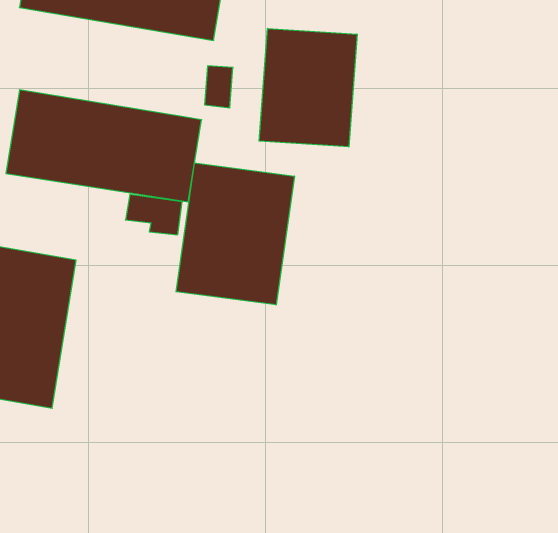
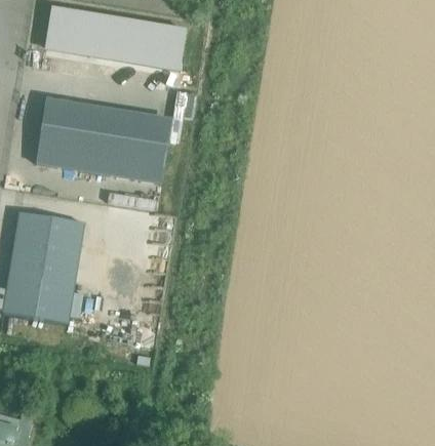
building: [259,28,357,147] -> none
building: [176,163,294,305] -> none

